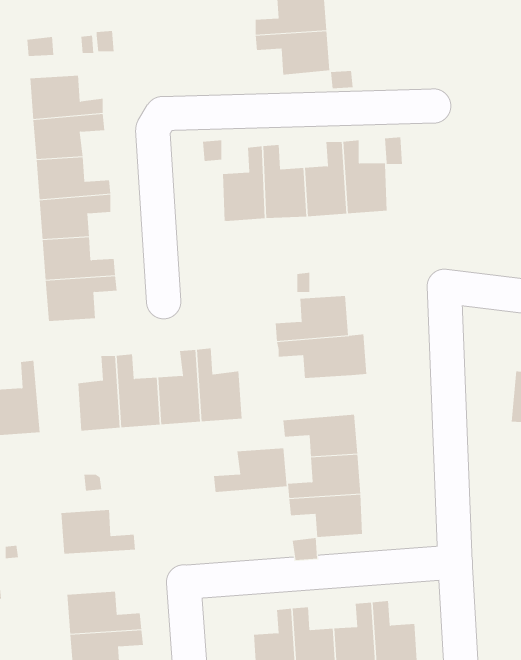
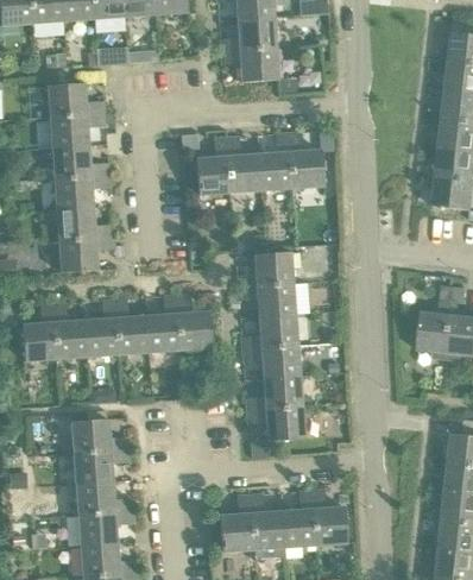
building: none -> [50,302,86,359]
building: [213,448,287,493] -> [240,315,297,349]
building: none -> [72,449,130,484]

